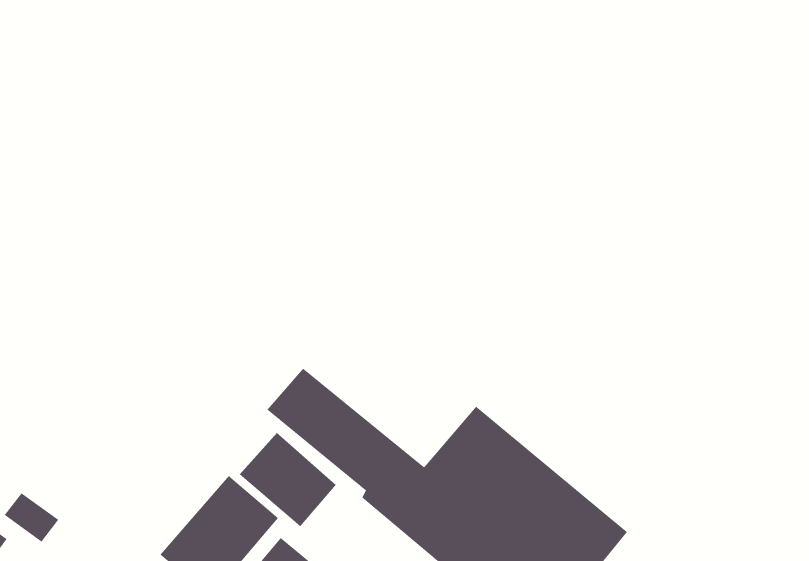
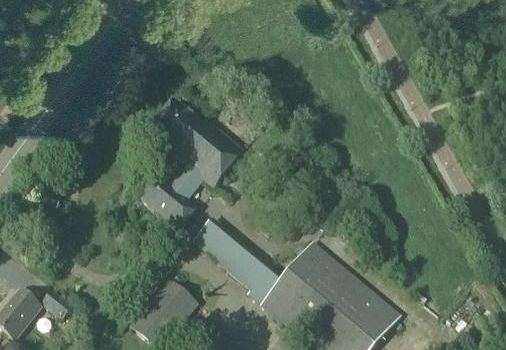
building: none -> [139,99,243,227]
building: [239,432,337,527] -> none

